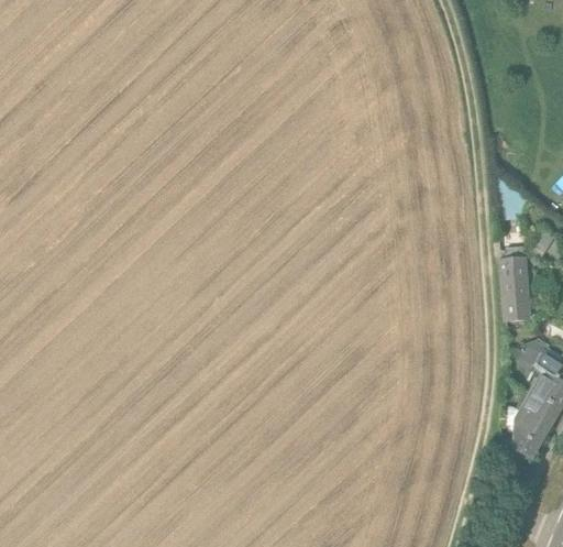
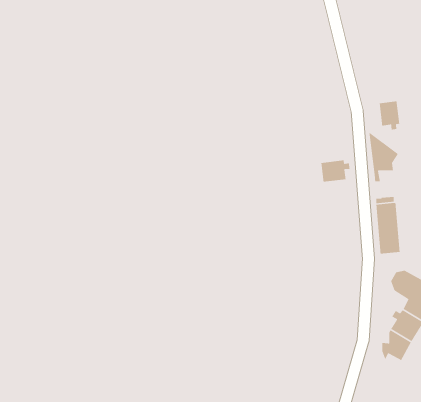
building: none -> [379,101,400,131]
building: none -> [320,160,351,183]

